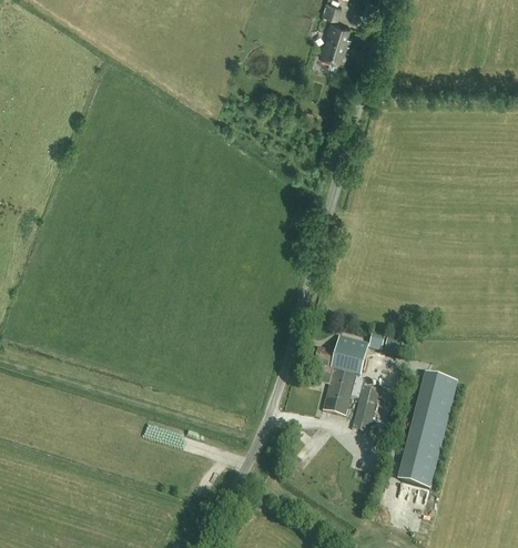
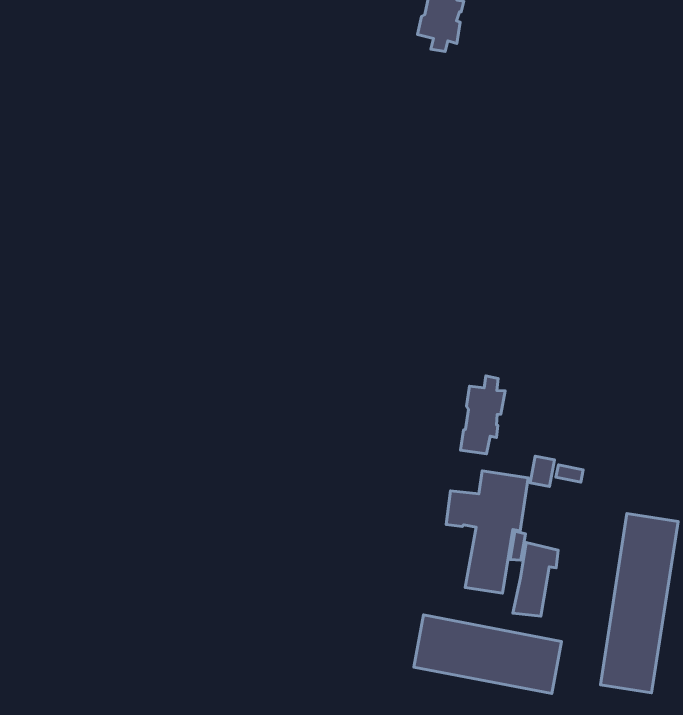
building: none -> [460,376,505,454]
building: none -> [414,615,562,693]

